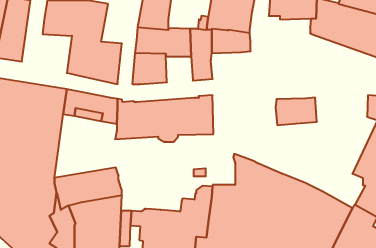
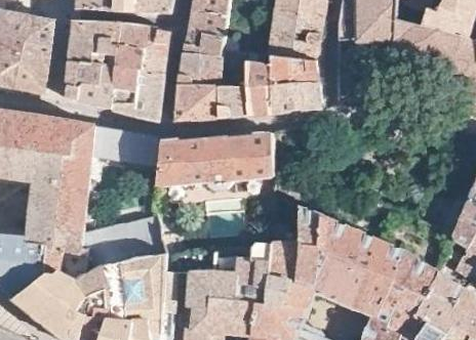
building: none -> [141,25,171,72]
building: none -> [67,60,106,107]
building: none -> [217,87,249,118]
building: [276,98,317,125] -> [271,81,320,114]

